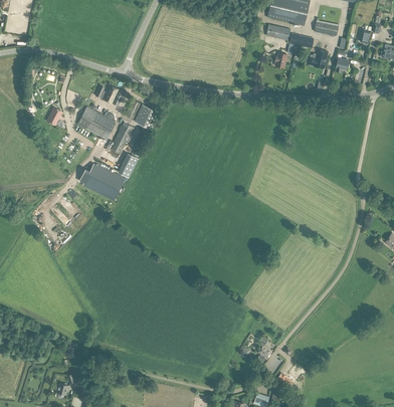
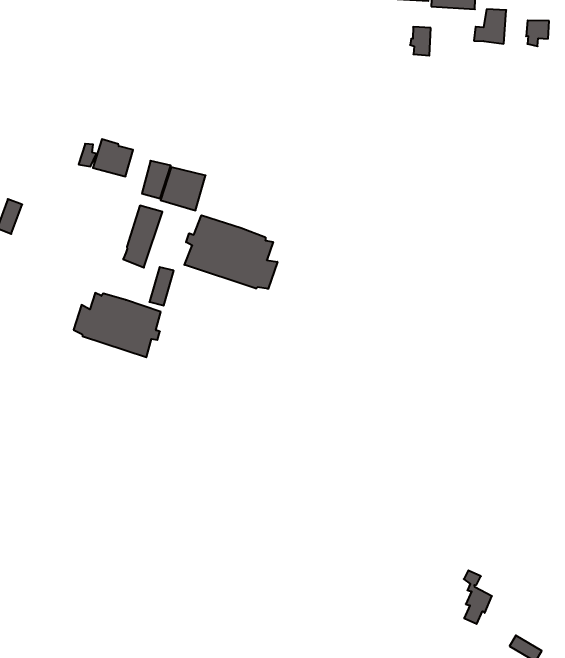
building: [77,107,116,141] -> none
building: none -> [184,215,277,289]

